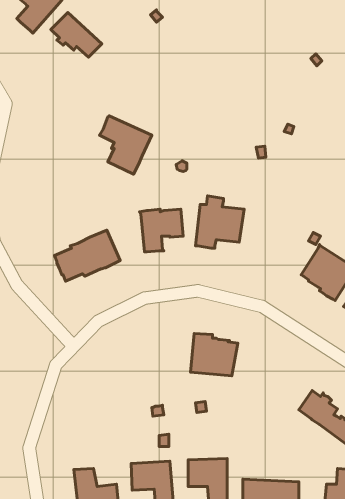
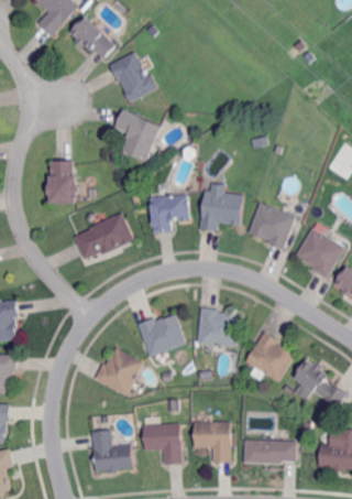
building: none -> [109,52,157,102]
building: none -> [46,162,77,204]
building: none -> [248,202,295,250]
building: none -> [135,313,183,356]
building: none -> [245,332,293,381]
building: none -> [92,348,140,394]

